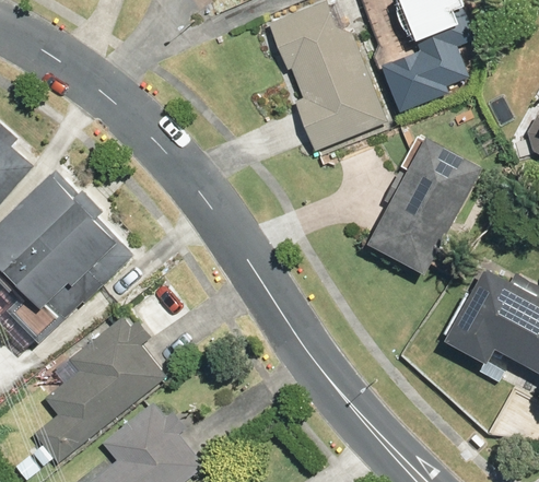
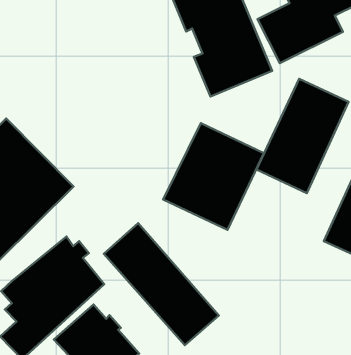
building: none -> [163,123,264,230]
building: none -> [104,223,219,345]

